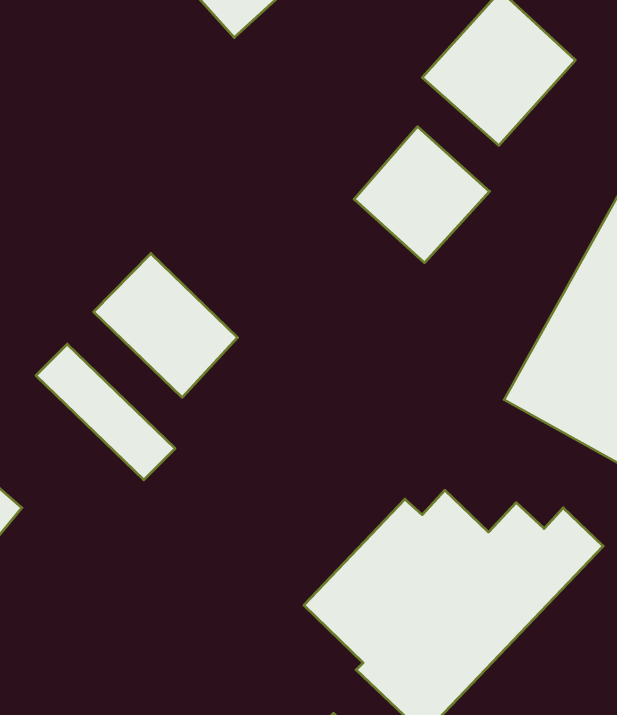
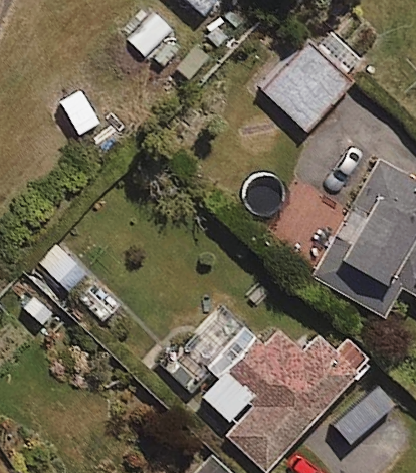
building: [354,127,490,263] -> none
building: [94,253,238,397] -> none

